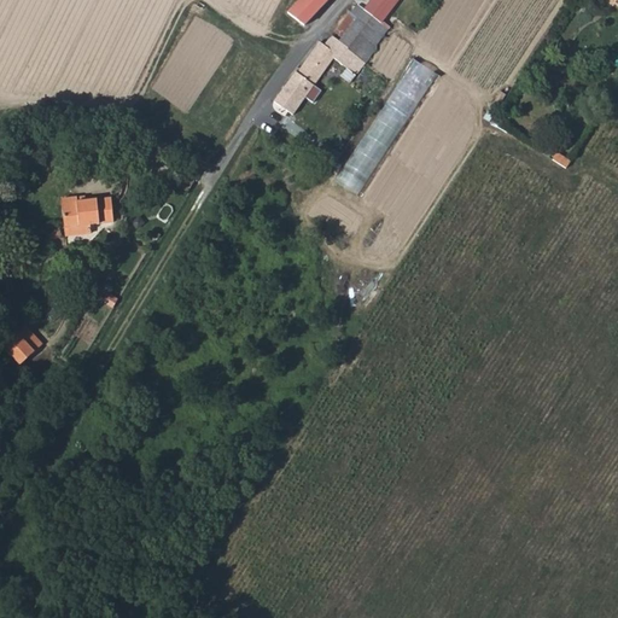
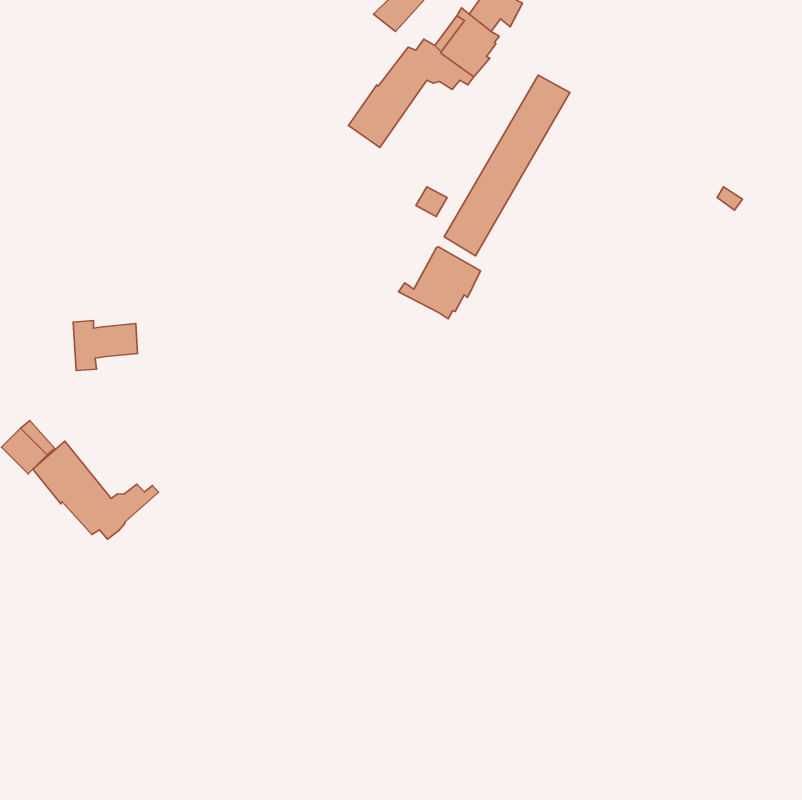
building: none -> [399,247,480,319]
building: [57,197,106,235] -> [73,320,137,371]
building: none -> [33,441,159,539]

